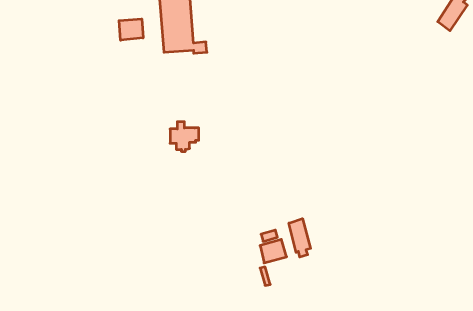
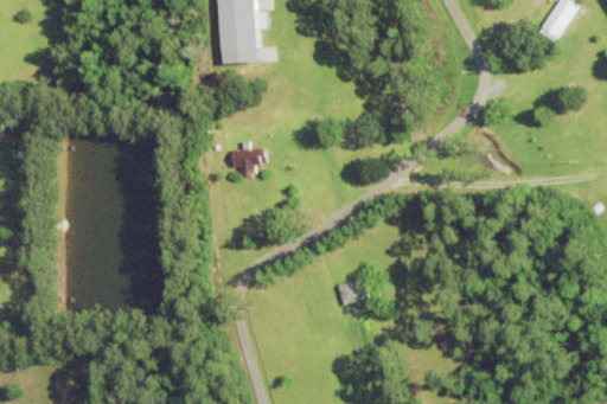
building: [119,19,143,40] -> none
building: [289,219,311,257] -> none

